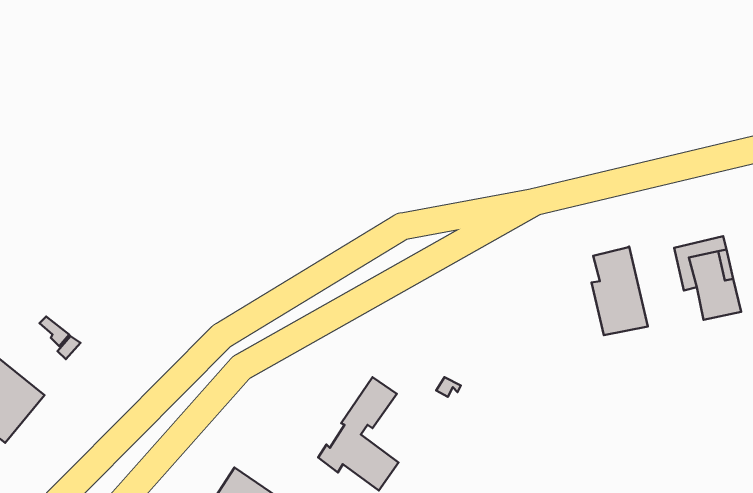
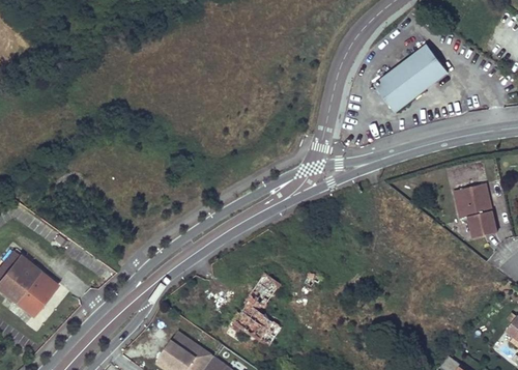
building: none -> [375,45,448,112]
building: [591,246,648,335] -> none

